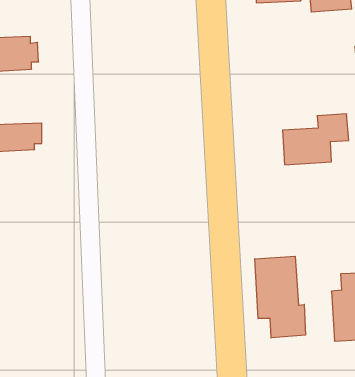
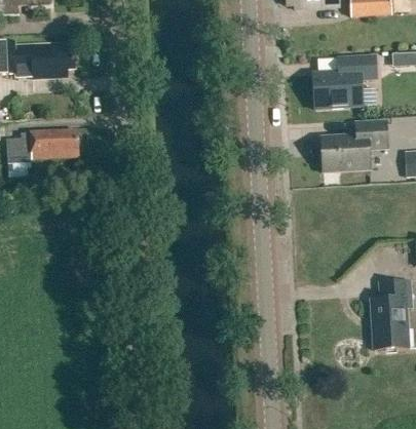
building: none -> [313,54,377,108]
building: [255,256,305,338] -> none

